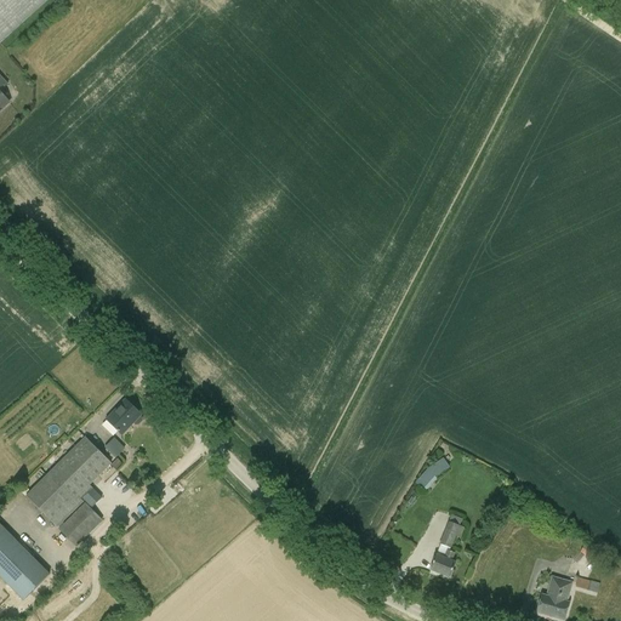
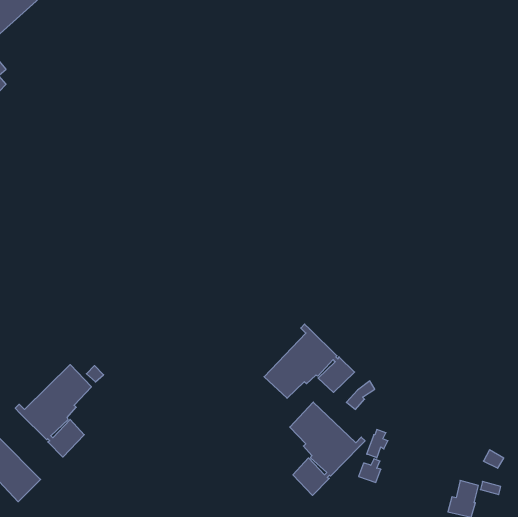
building: none -> [264,324,355,398]
building: [104,398,141,433] -> none
building: none -> [290,402,365,495]

